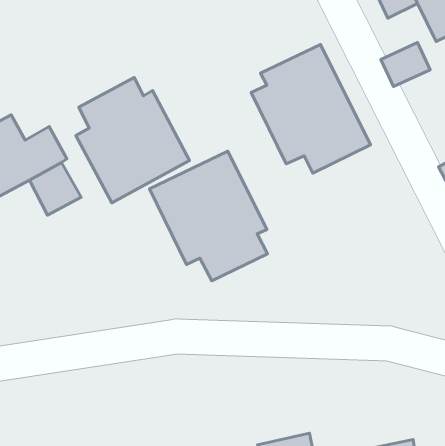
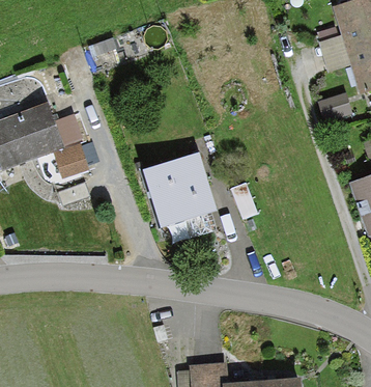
building: [251,45,371,173] -> none
building: [76,78,189,203] -> none

